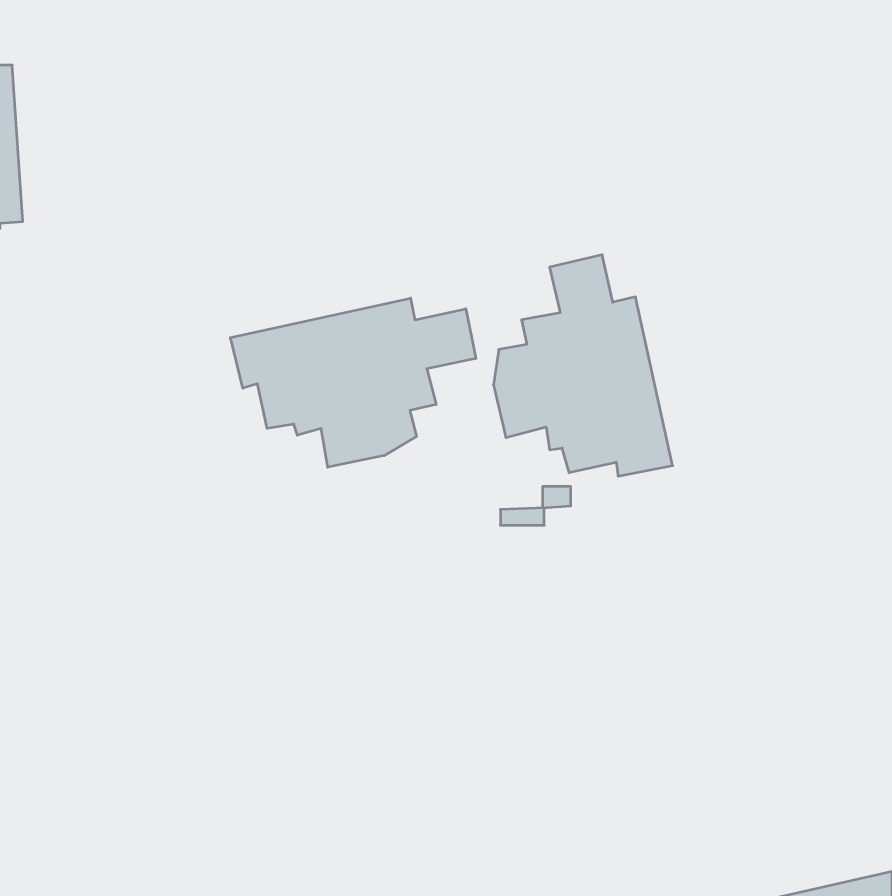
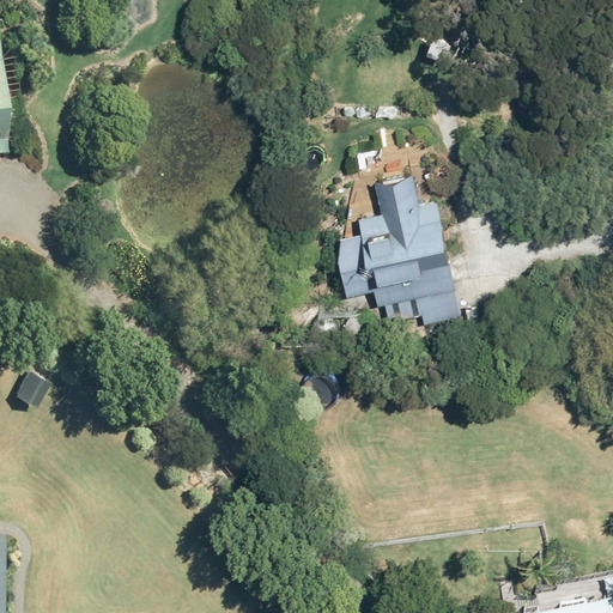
building: [230,298,476,467] -> none

